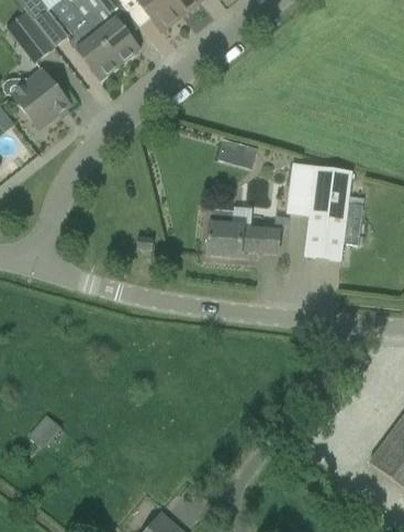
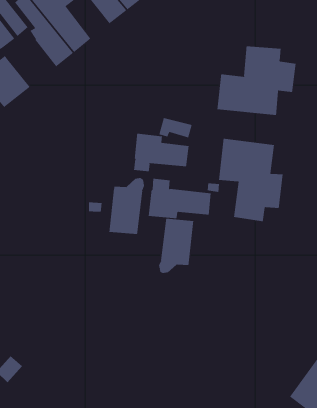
building: none -> [217,45,296,116]
building: none -> [134,133,189,172]
building: none -> [109,177,145,235]
building: none -> [159,218,194,274]

